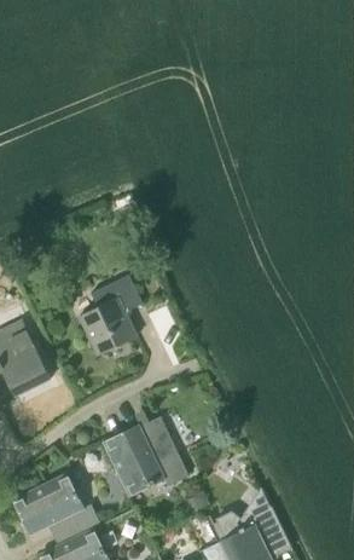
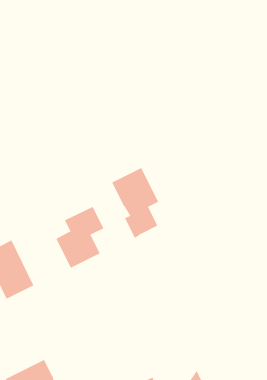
building: none -> [111,167,159,239]
building: [103,426,187,493] -> none

